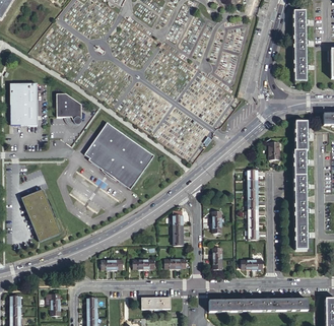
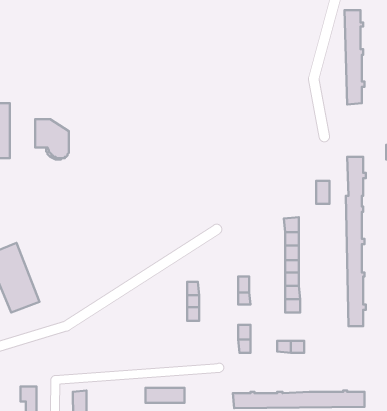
building: [87,121,156,188] -> none

